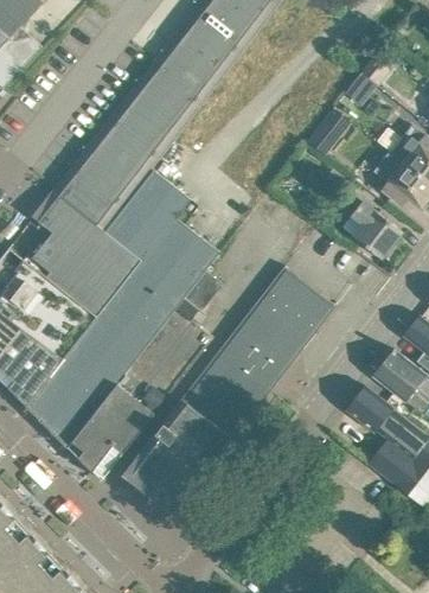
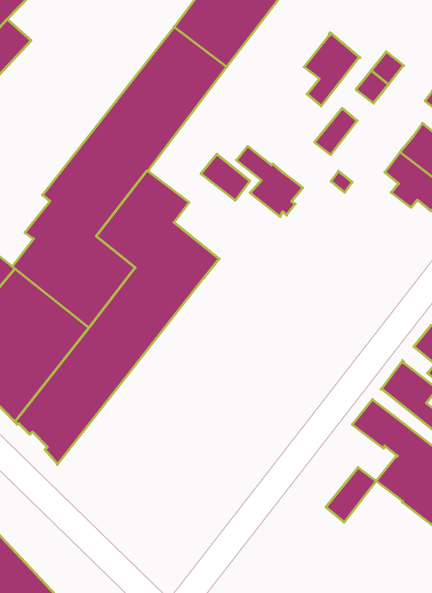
building: none -> [304,33,360,106]
building: none -> [201,154,250,200]
building: [339,192,402,259] -> [236,146,303,217]
building: [123,266,335,512] -> none
building: [66,270,222,479] -> none
building: none -> [326,467,376,522]

